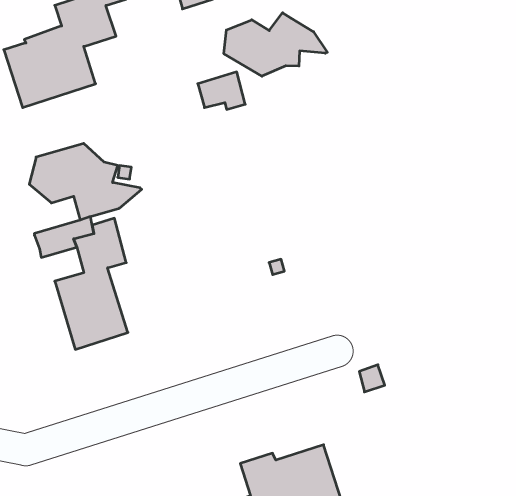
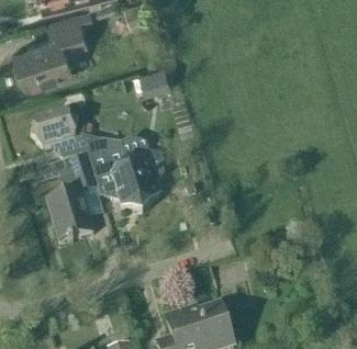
building: [224,13,327,76] -> none
building: none -> [89,140,166,215]

